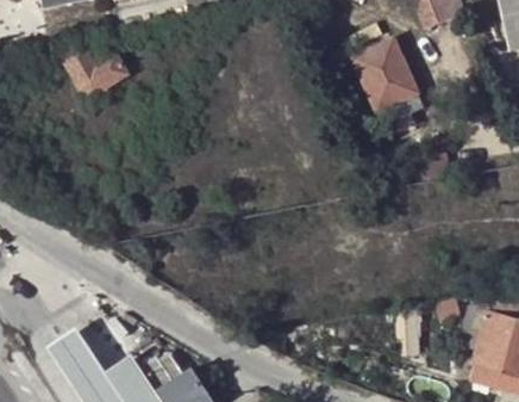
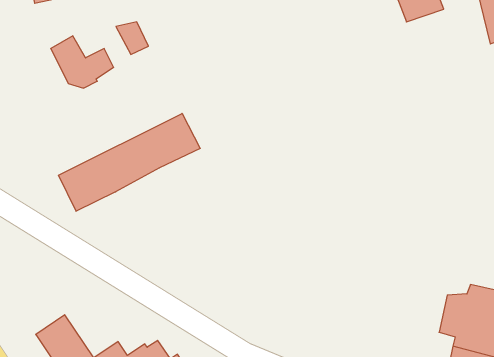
building: [355,39,423,123] -> none
building: none -> [58,113,200,211]

